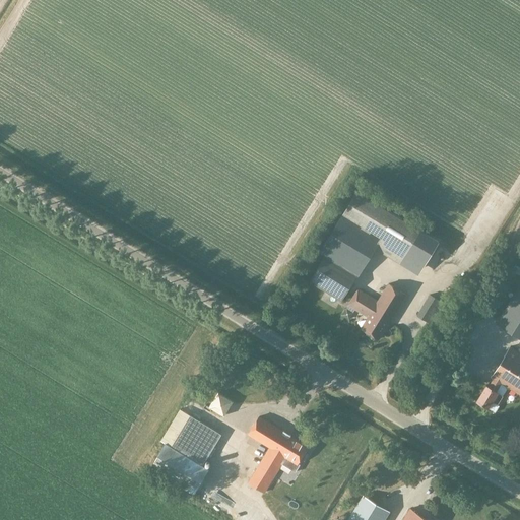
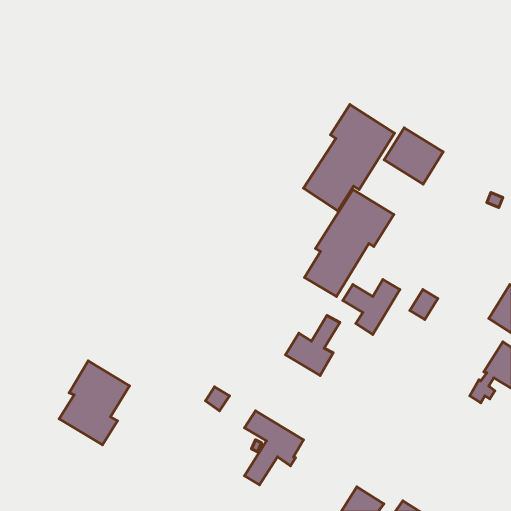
building: none -> [303,104,395,211]
building: [380,218,440,275] -> [384,128,443,184]
building: none -> [286,315,340,375]
building: [150,409,221,495] -> [59,361,129,445]

